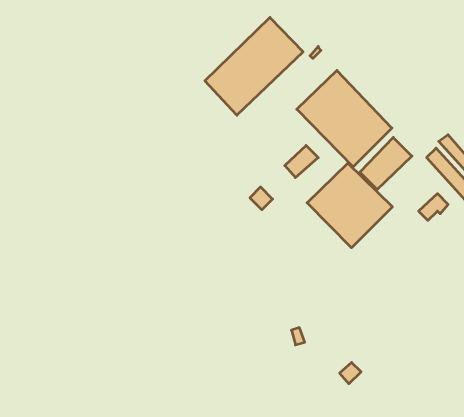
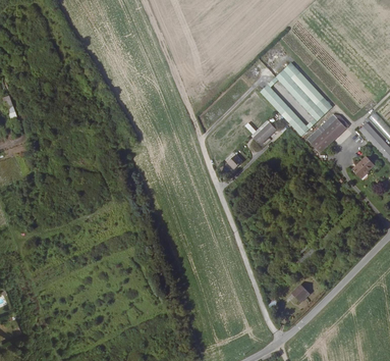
building: [205,17,303,115] -> none
building: [307,163,392,248] -> none

